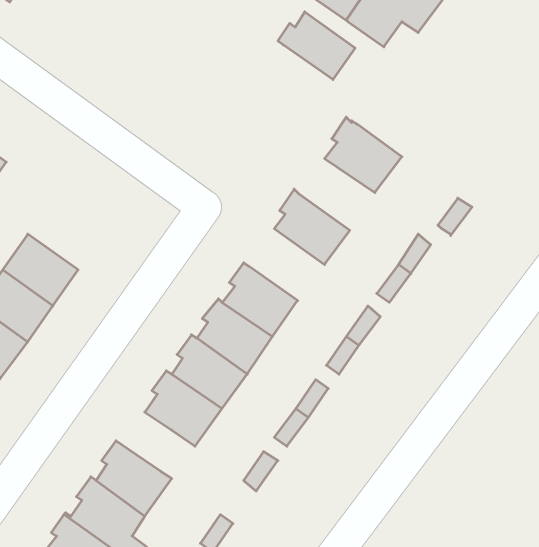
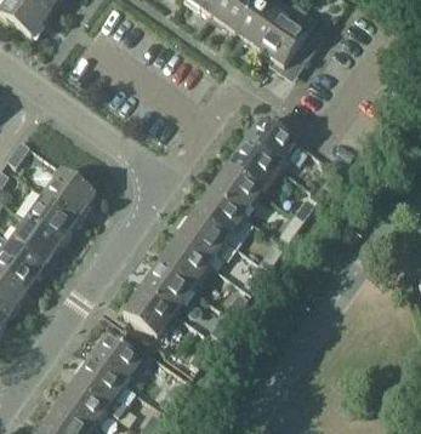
building: [278,12,355,80] -> none
building: none -> [228,138,279,190]
building: none -> [45,167,97,217]
building: none -> [194,187,245,238]

